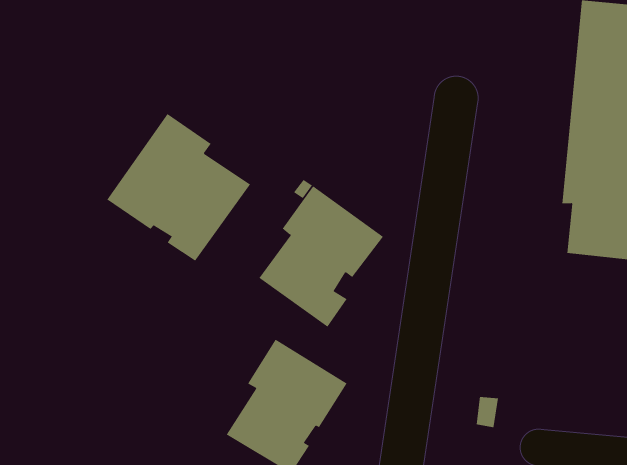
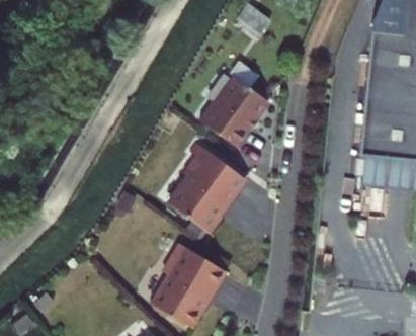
building: none -> [198,74,267,145]
building: [106,113,251,262] -> none

